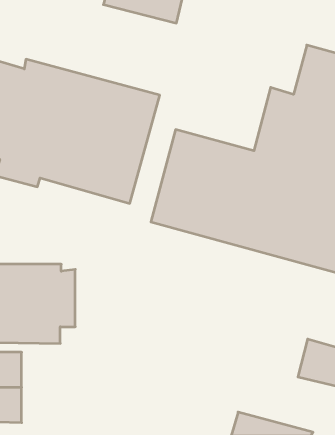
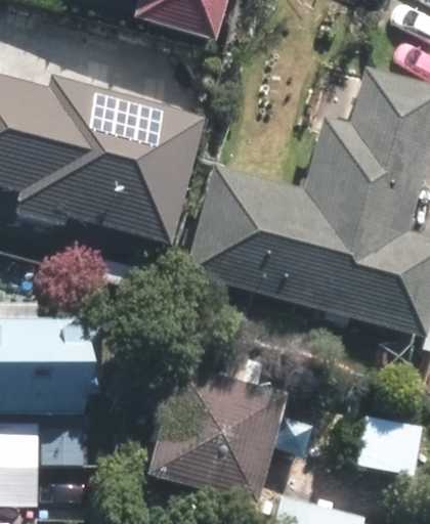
building: none -> [143,365,283,501]

